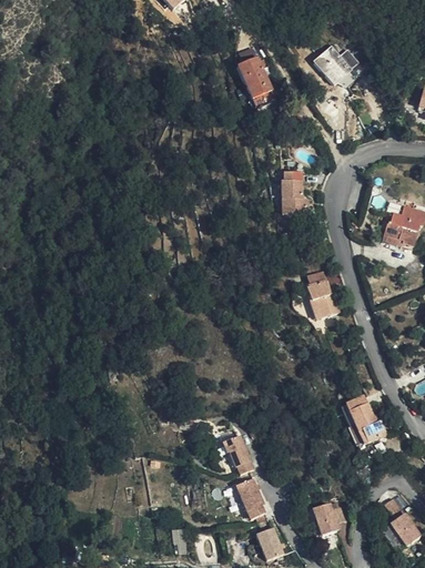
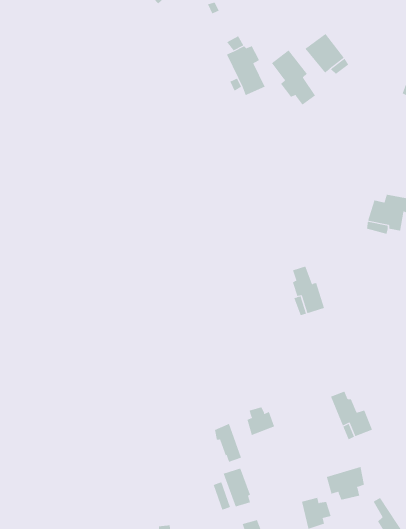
building: none -> [271,50,316,106]
building: [277,174,304,219] -> none
building: none -> [247,406,275,436]
building: none -> [326,466,365,500]

